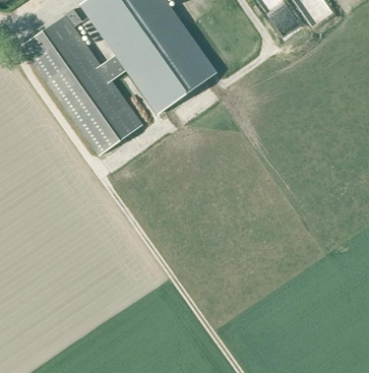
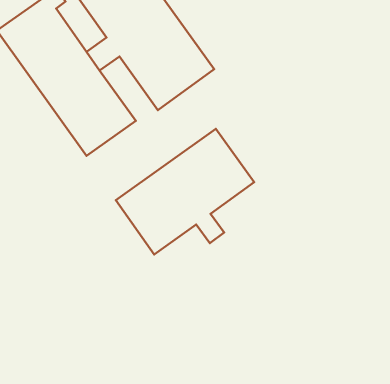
building: none -> [116,129,254,255]

